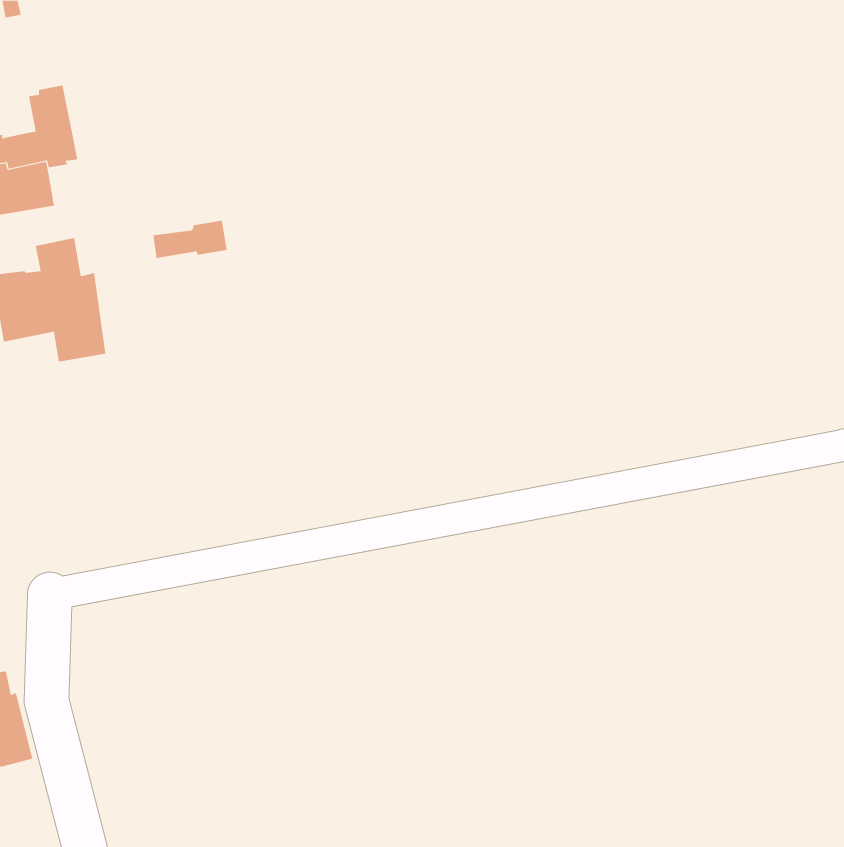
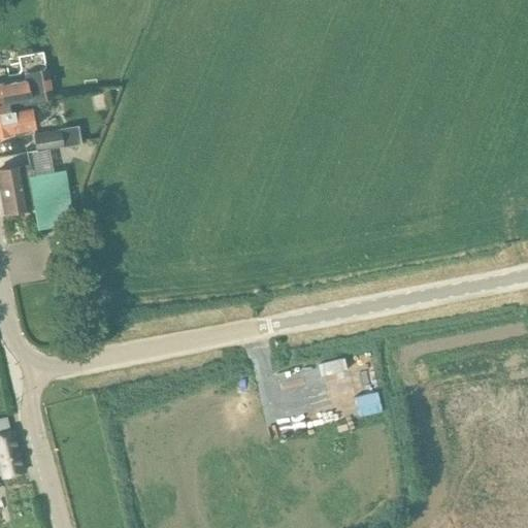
building: [153,220,227,258] -> [31,127,77,151]

